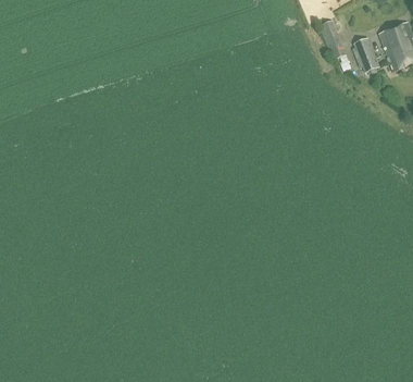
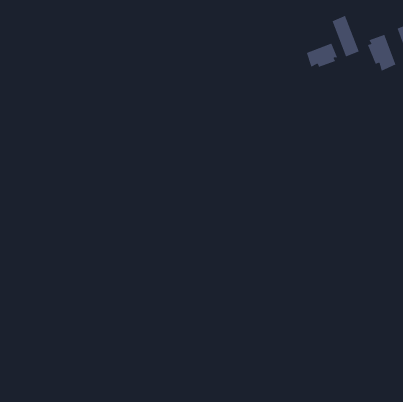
building: none -> [306,43,338,68]

